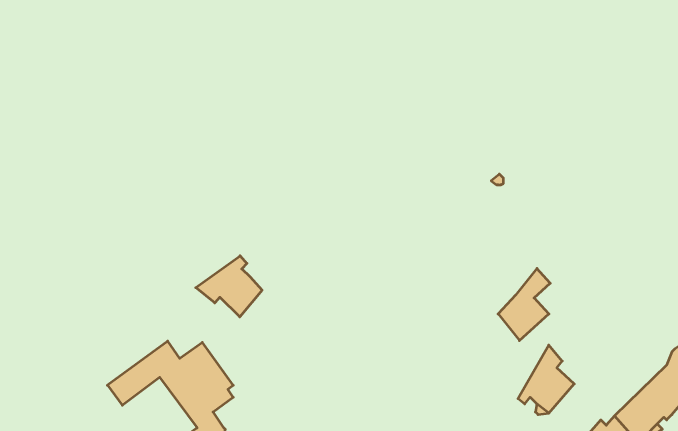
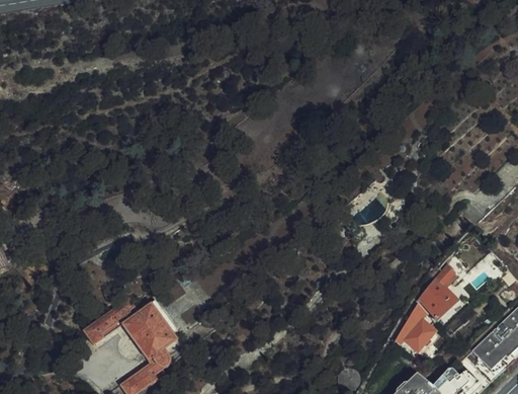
building: [196,256,262,317] -> none
building: [498,268,550,341] -> [419,263,458,318]

